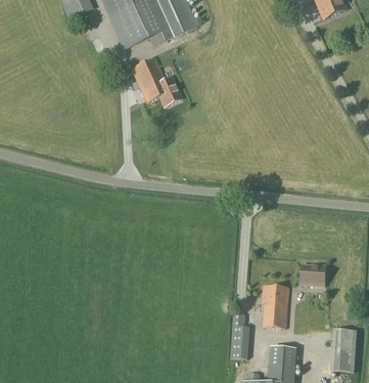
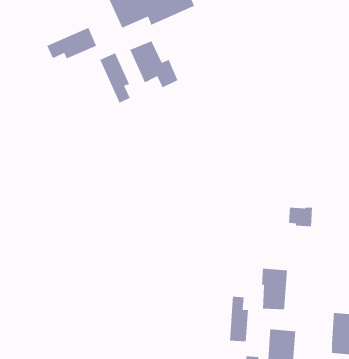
building: none -> [46,27,97,60]
building: none -> [99,52,131,104]
building: [301,264,325,285] -> [288,207,313,227]

